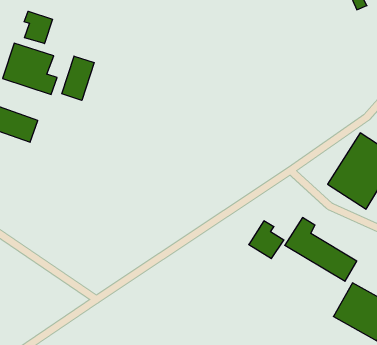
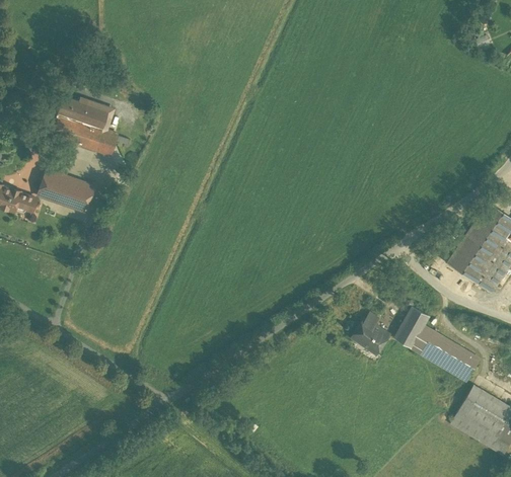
building: [24,11,53,44] -> none
building: [62,56,94,100] -> none

